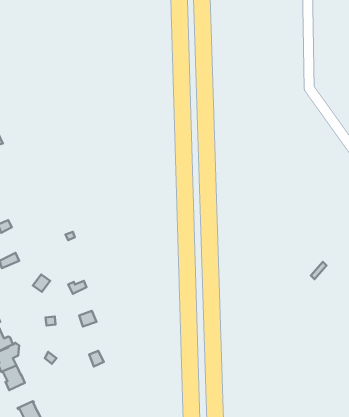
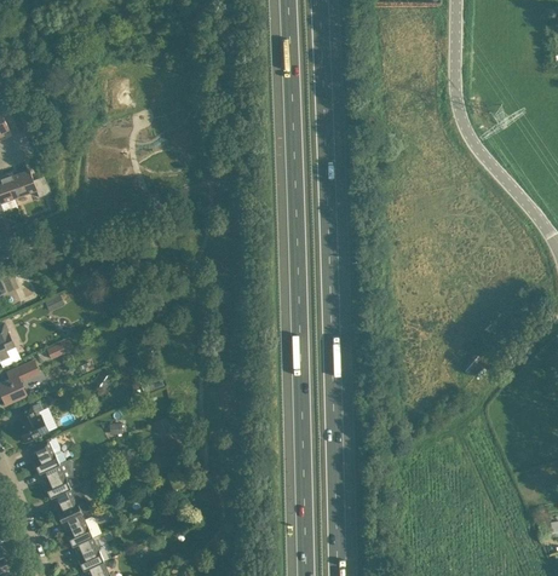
building: none -> [61,511,92,545]

